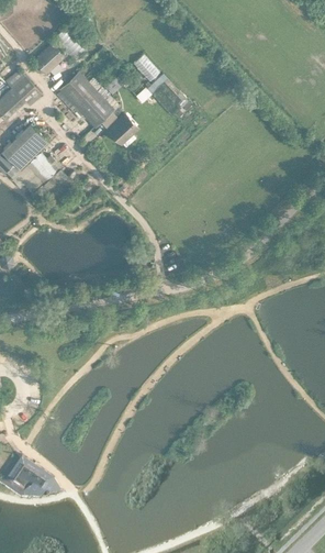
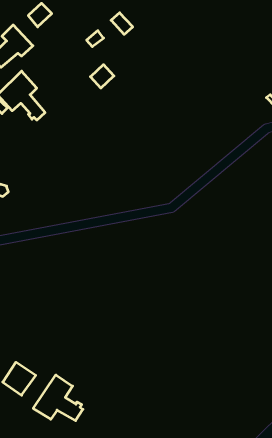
building: [58,71,113,129] -> none
building: none -> [33,375,83,421]

